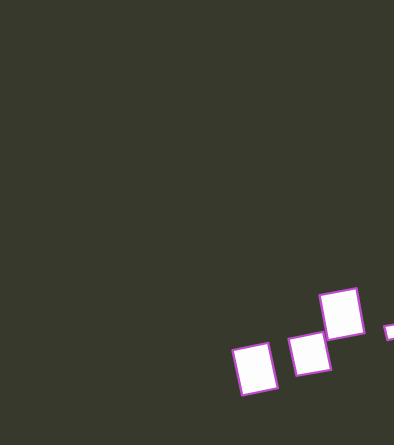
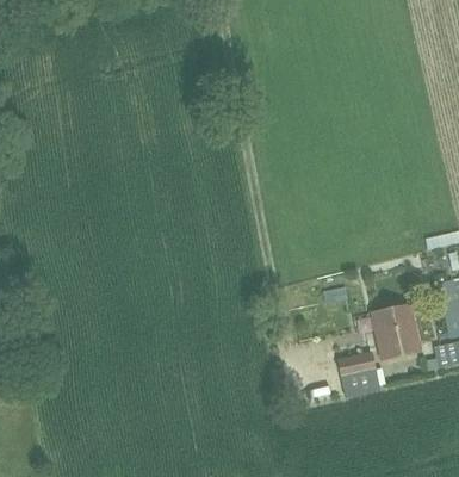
building: [233,343,278,395] -> none

